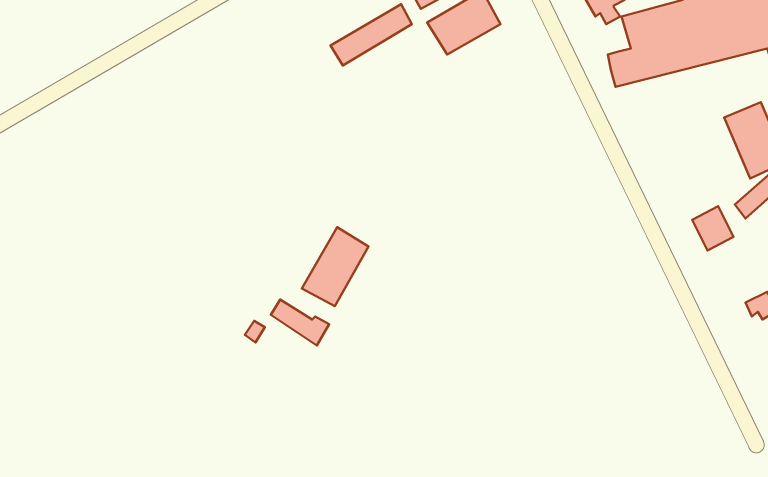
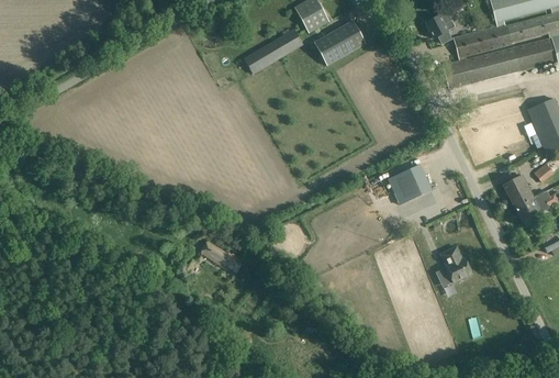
building: none -> [389,164,431,203]
building: [302,227,368,306] -> none
building: none -> [514,189,549,223]
building: none -> [439,246,471,286]

